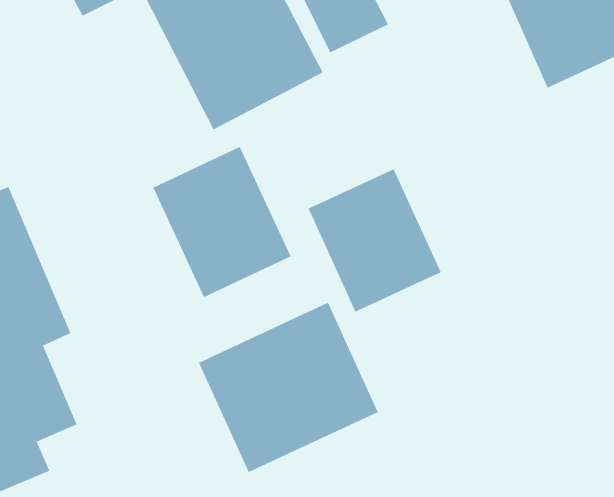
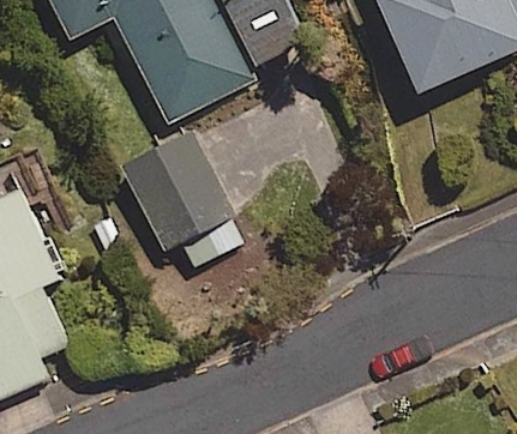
building: [308,168,441,313] -> none
building: [198,302,379,473] -> none

